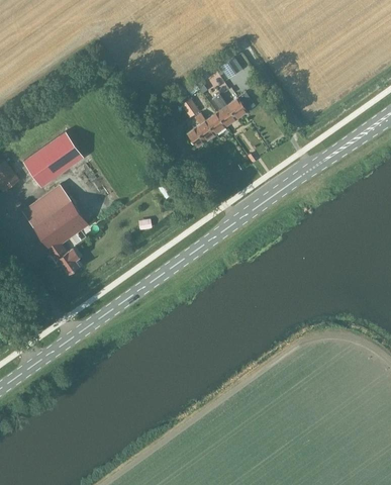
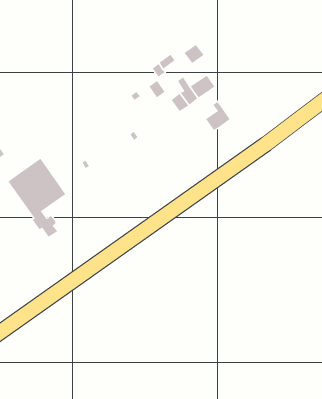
building: [186,113,214,147] -> [205,101,231,131]
building: [23,131,83,187] -> none

